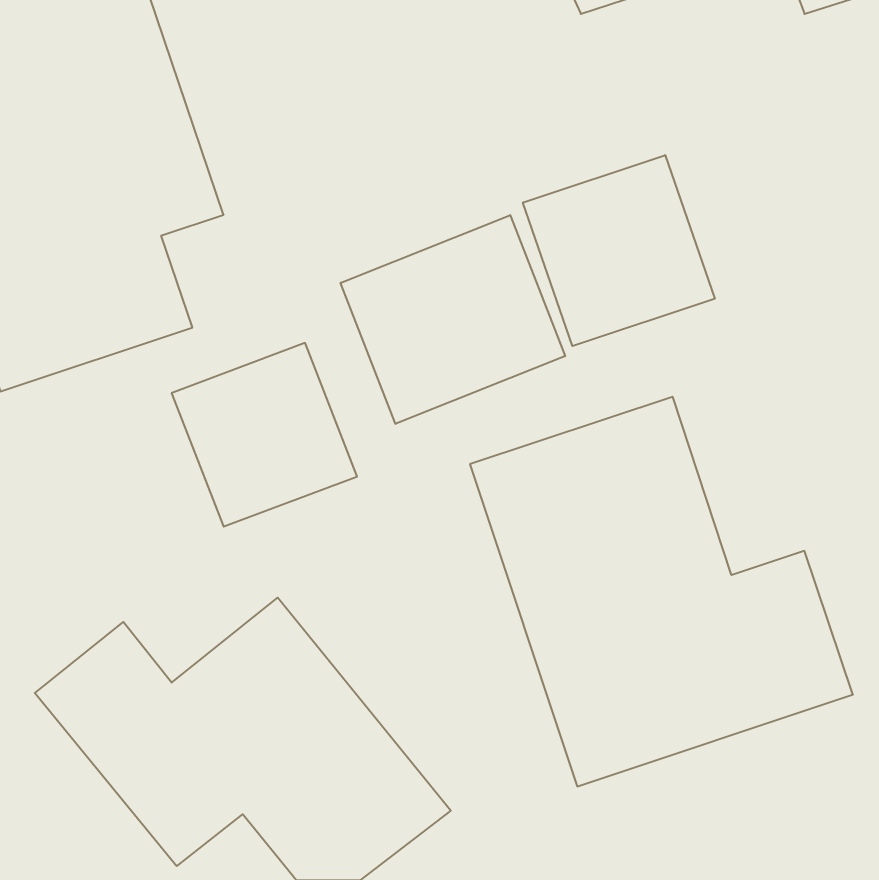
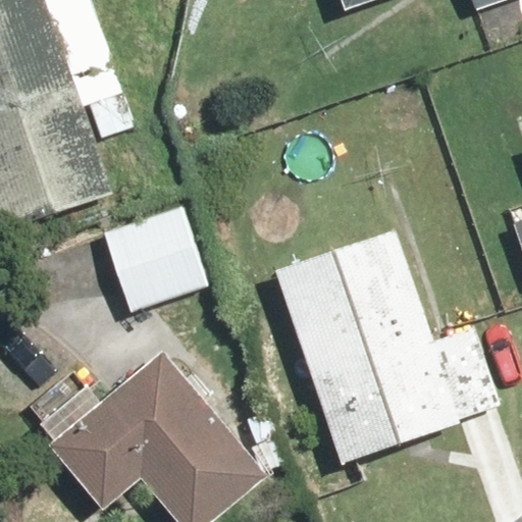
building: [523,155,715,346] -> none
building: [341,215,565,424] -> none

